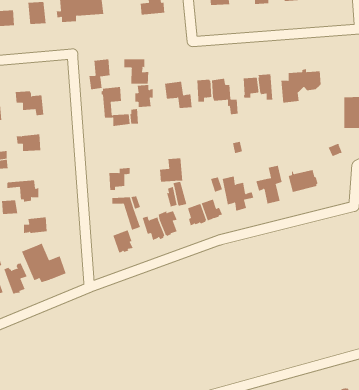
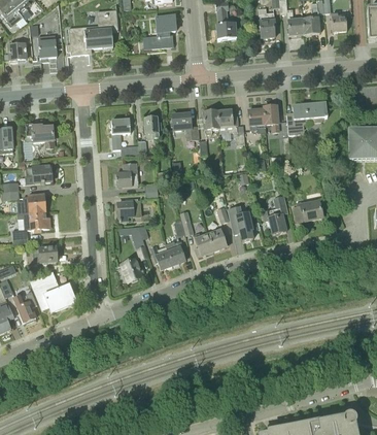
building: [124,58,149,84] -> none
building: [89,59,110,90] -> none
building: [159,158,183,182] -> [115,162,139,186]
building: none -> [18,194,45,211]

